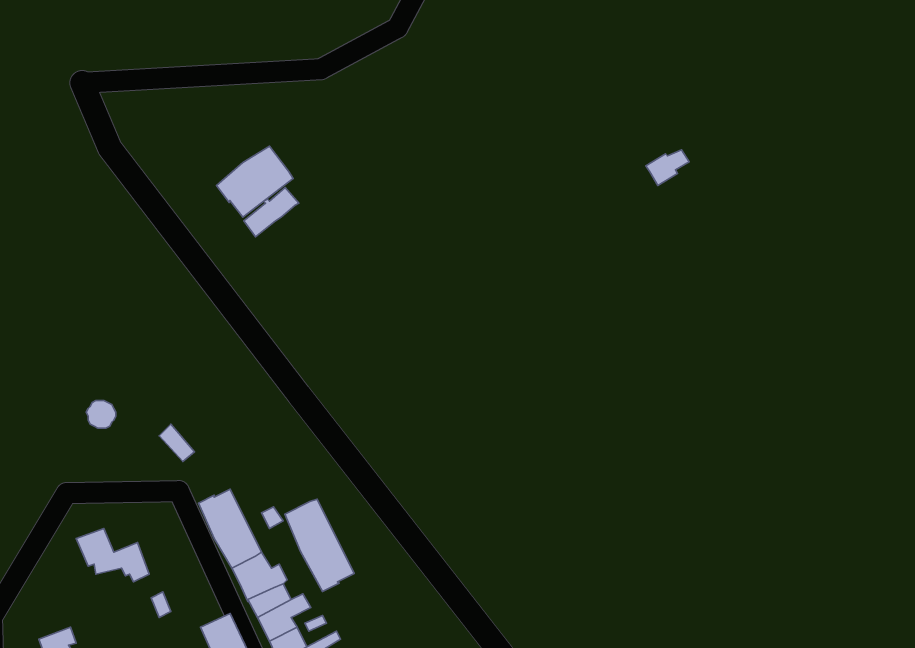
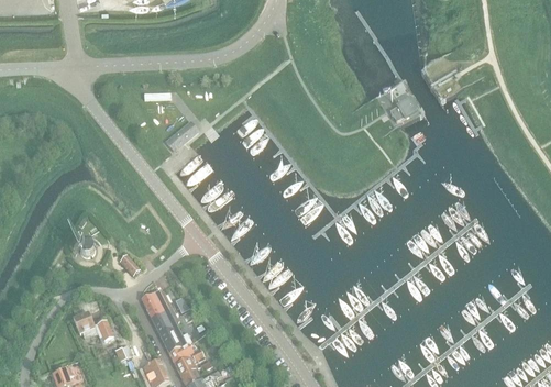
building: [216,146,293,217] -> none
building: [285,499,354,592] -> none

